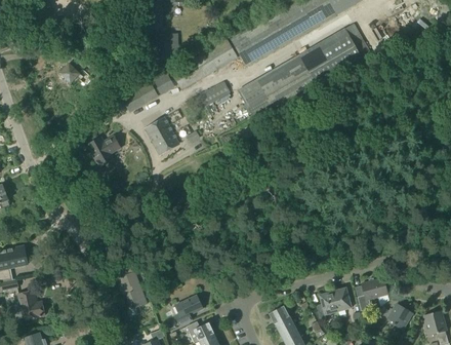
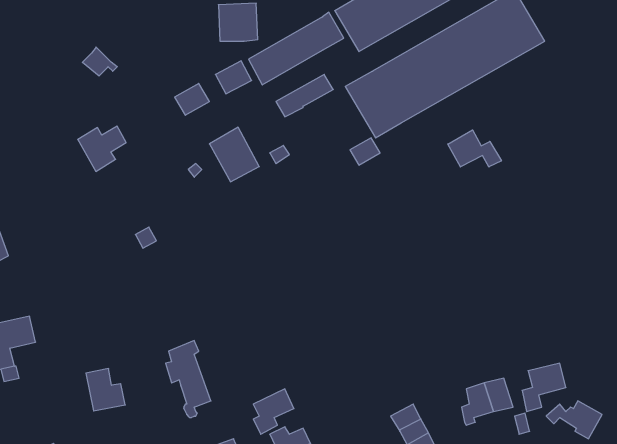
building: none -> [448,130,501,167]
building: [87,136,120,166] -> [78,126,126,171]
building: [18,291,45,319] -> [86,369,125,411]

